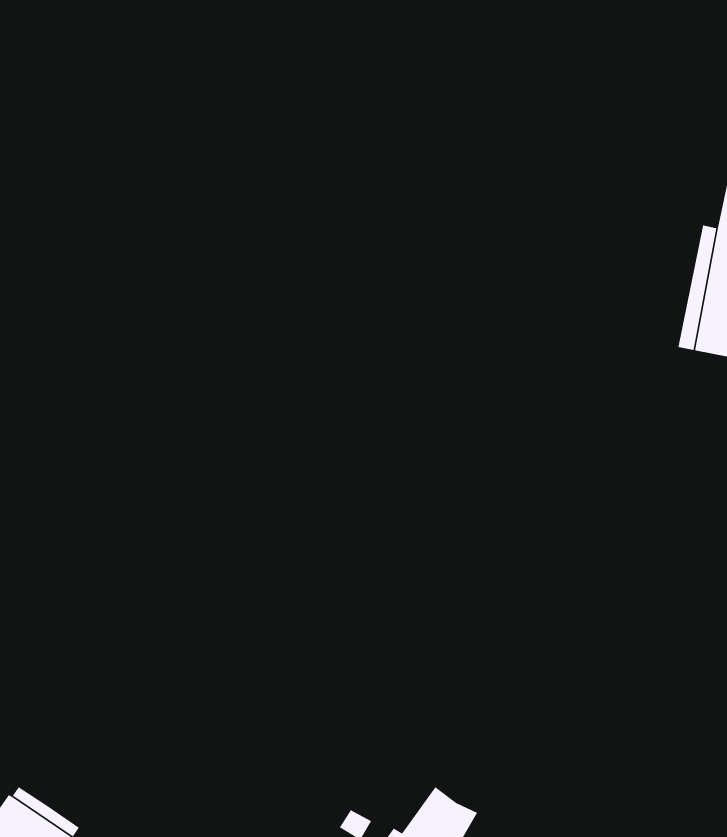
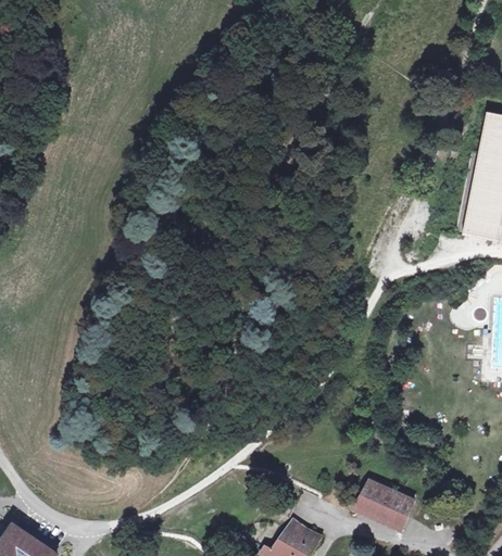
building: none -> [354,480,415,531]

